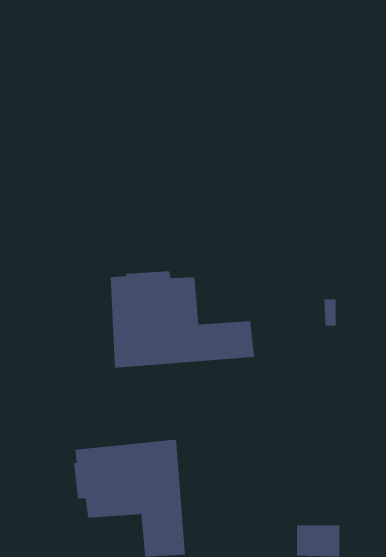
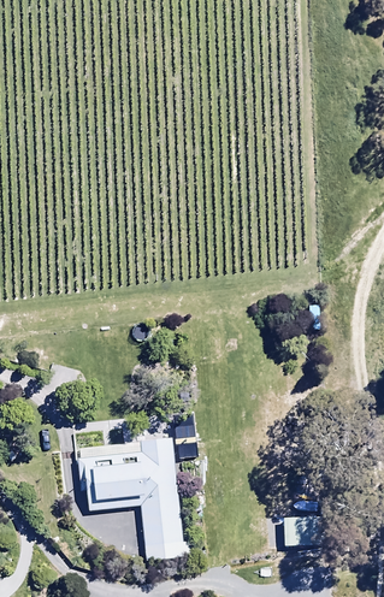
building: [110,271,255,368] -> none

